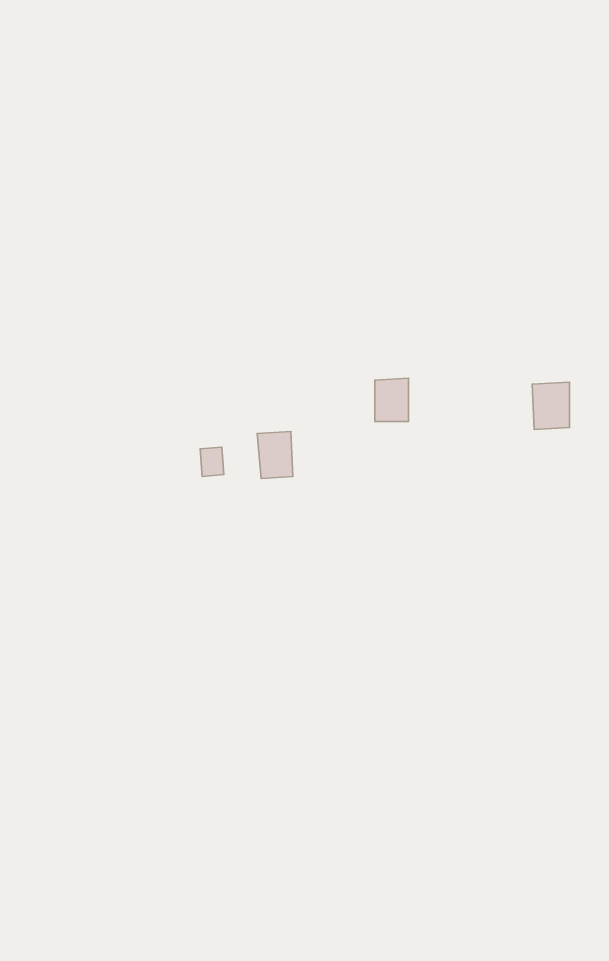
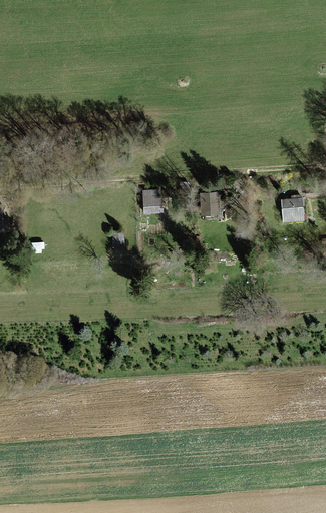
building: [257,431,293,479] -> [143,190,161,214]

